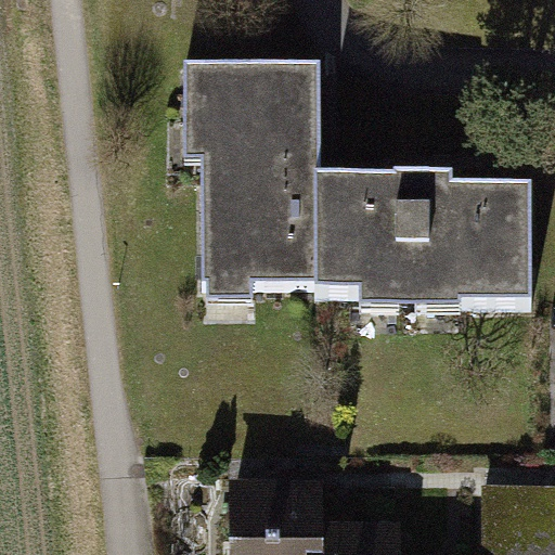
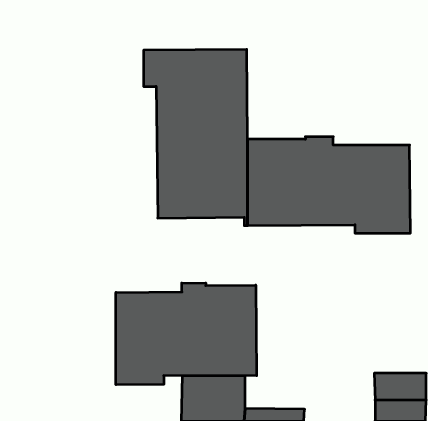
building: none -> [116,283,257,385]

